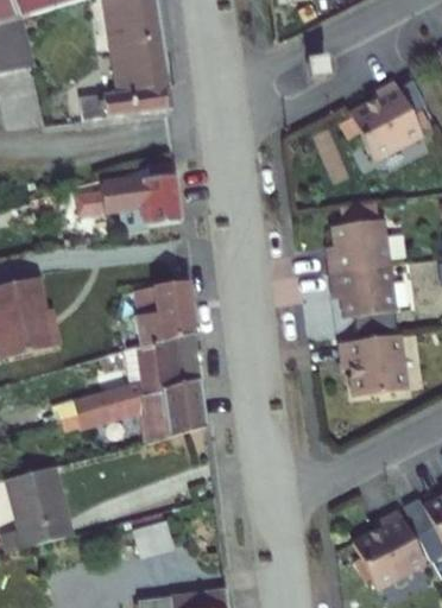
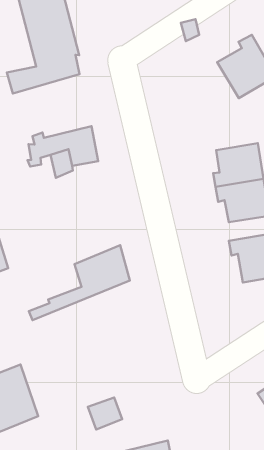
building: [131,279,197,346] -> none
building: [76,374,211,438] -> none

